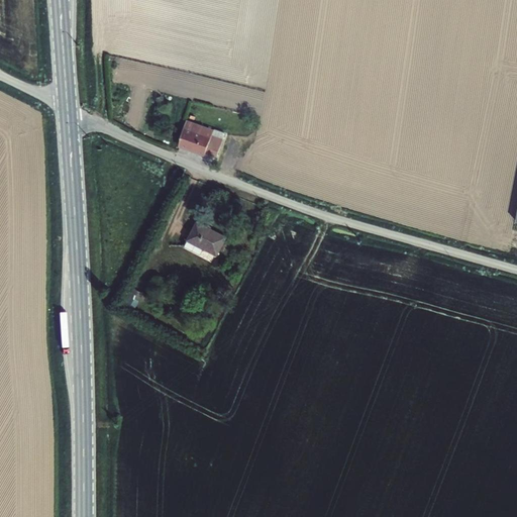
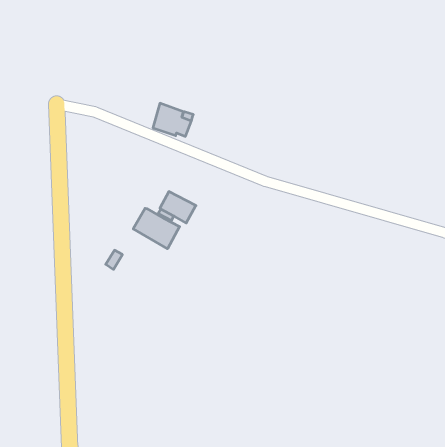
building: none -> [133,208,180,249]

